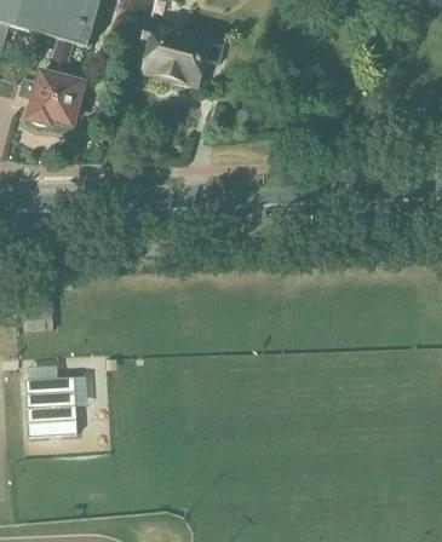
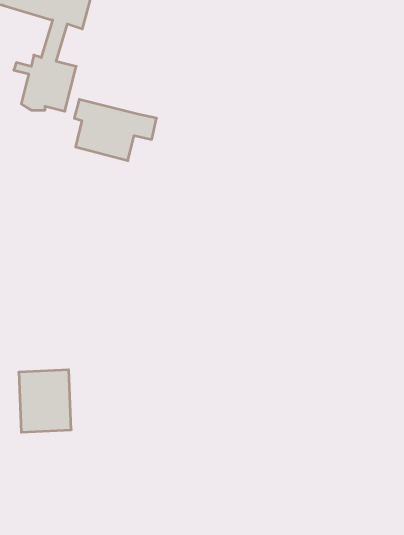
building: [145,25,225,85] -> [74,99,157,161]

